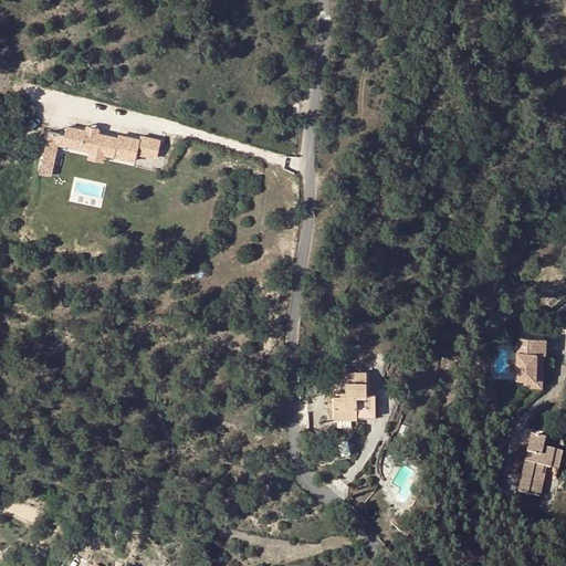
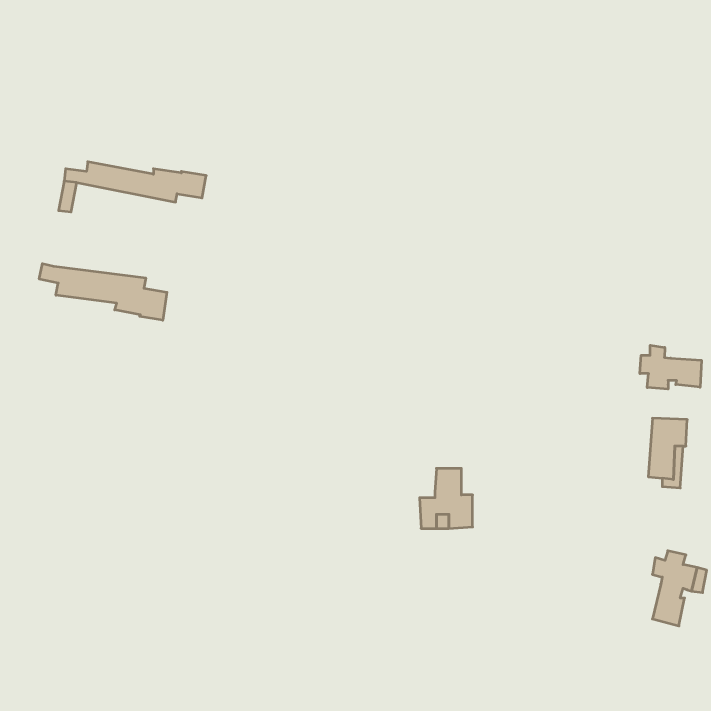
building: none -> [39,264,167,320]
building: none -> [640,345,701,389]

